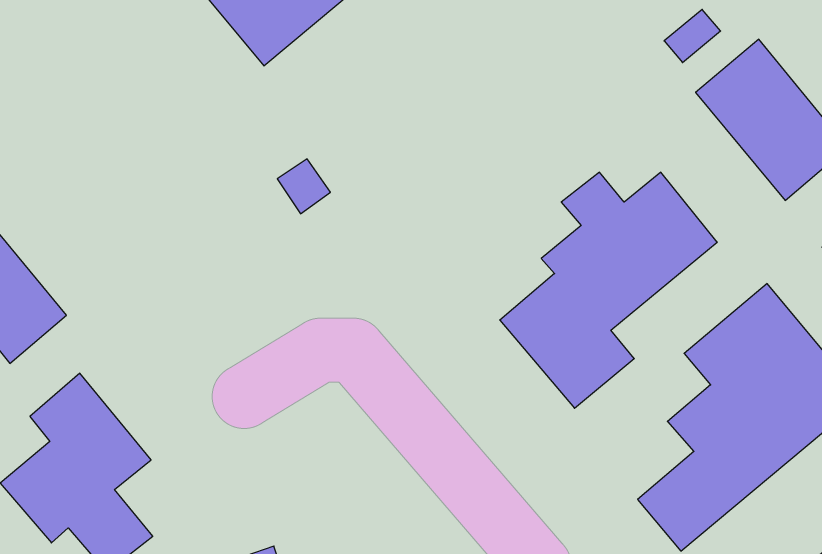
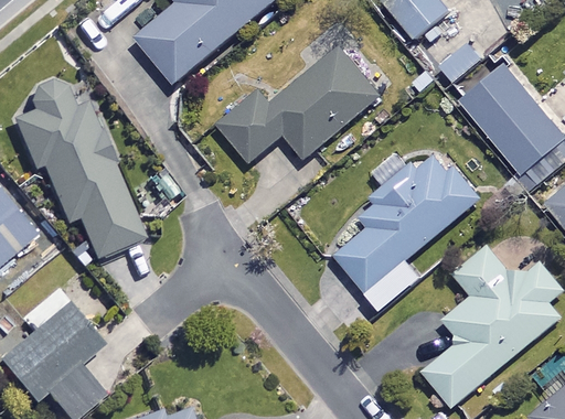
building: none -> [218,46,380,162]
building: none -> [12,77,140,257]

